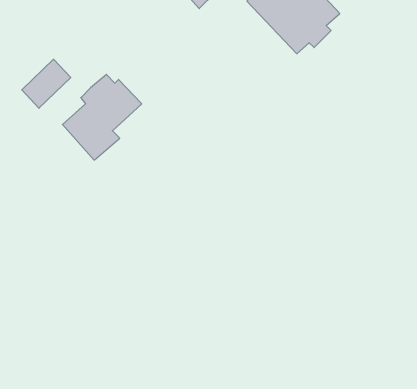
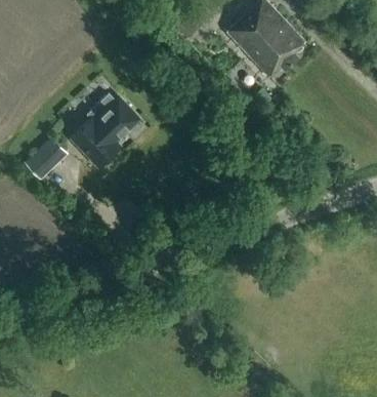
building: [22,59,71,108] -> [26,136,67,177]

